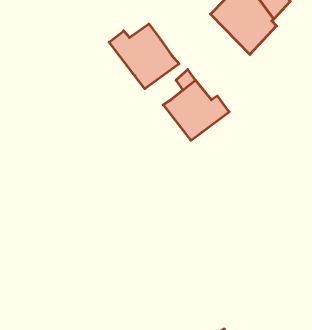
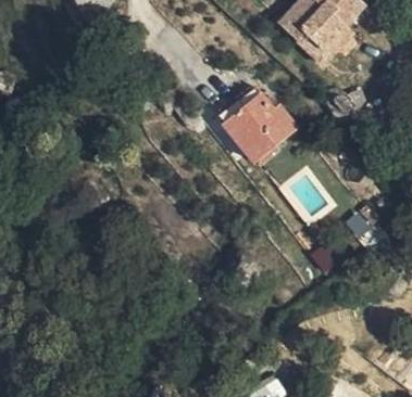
building: [109,24,179,89] -> none

